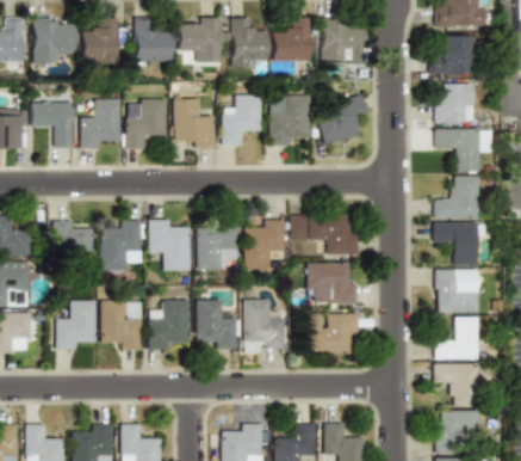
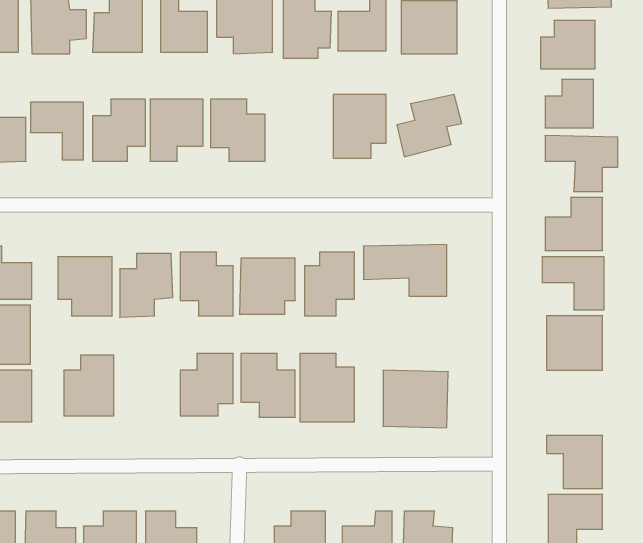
building: [222,96,261,146] -> none
building: [306,263,358,305] -> none
building: [101,301,142,349] -> none
building: [435,316,480,359] -> none

